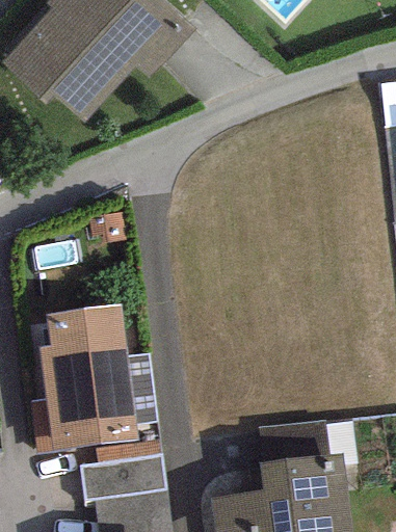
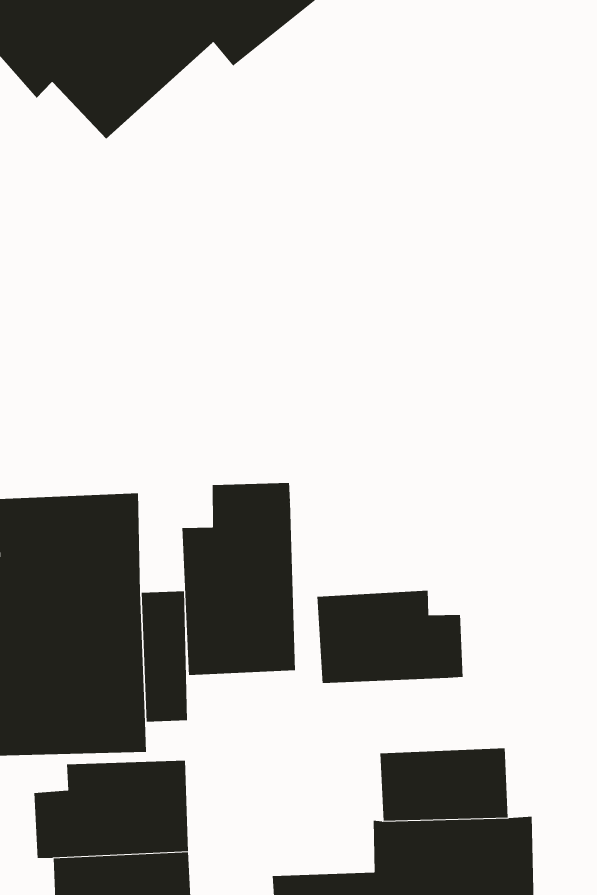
building: none -> [182,482,296,676]
building: none -> [317,590,463,684]

